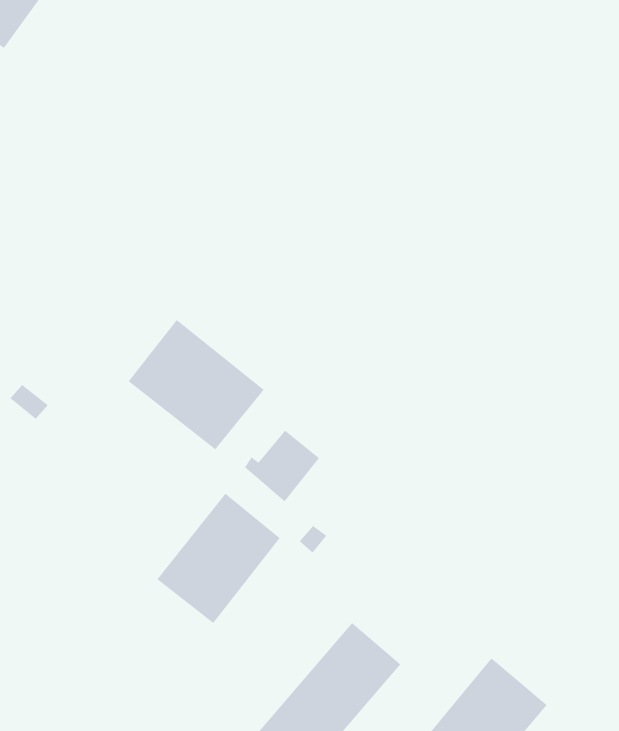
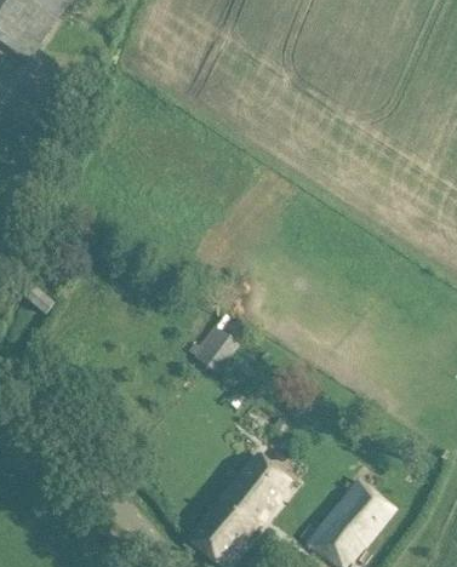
building: [128,319,264,450] -> none
building: [156,493,281,624] -> none

